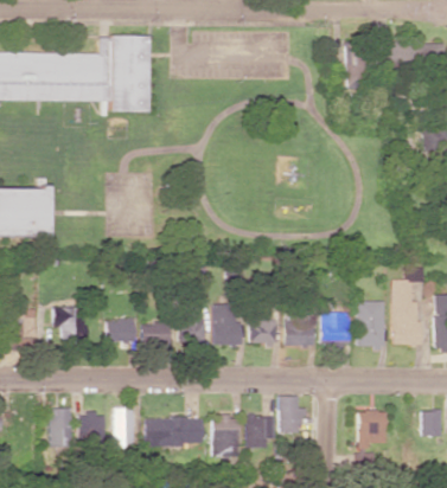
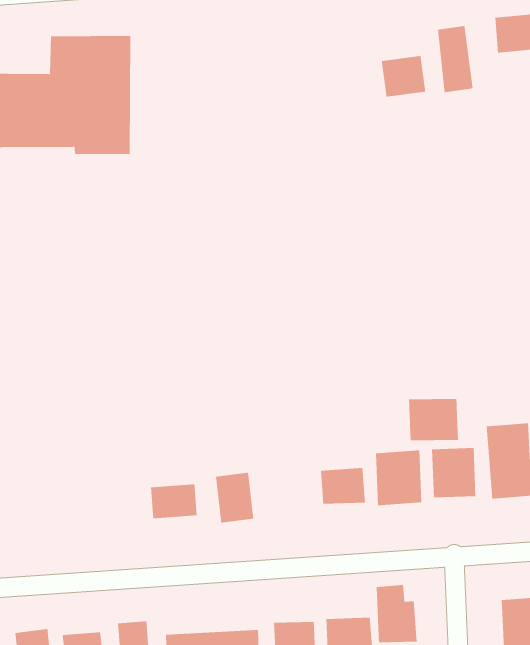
building: none -> [381,55,426,97]
building: none -> [408,398,458,441]
building: [213,303,241,345] -> none
building: [53,306,87,340] -> none
building: [106,317,135,341] -> none

